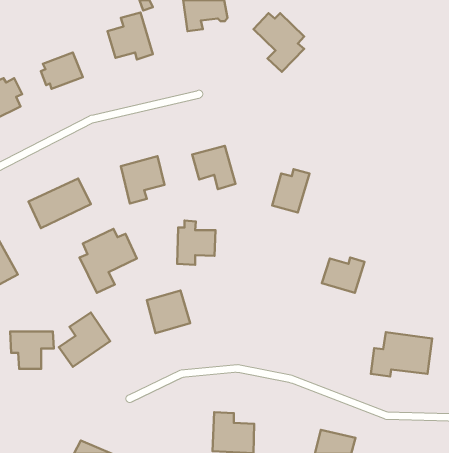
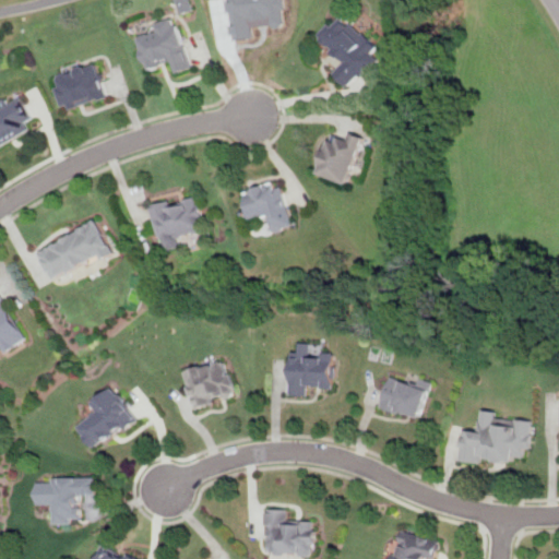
building: [272,169,310,213] -> [314,130,360,183]
building: [177,220,216,265] -> [286,342,333,396]
building: [80,229,137,293] -> none
building: [322,257,364,293] -> [376,377,428,420]
building: [10,331,54,369] -> [39,477,93,523]

